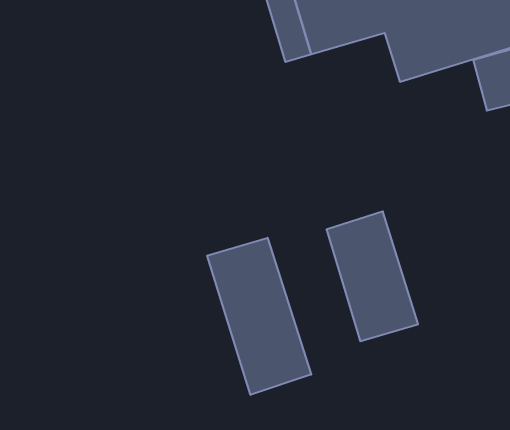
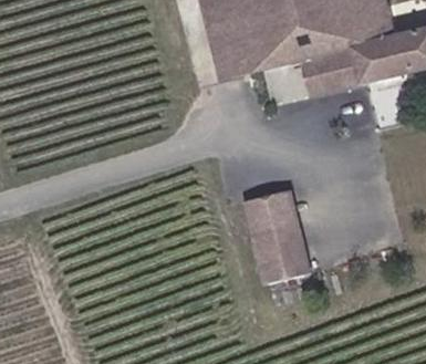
building: [207,238,311,395] -> none

